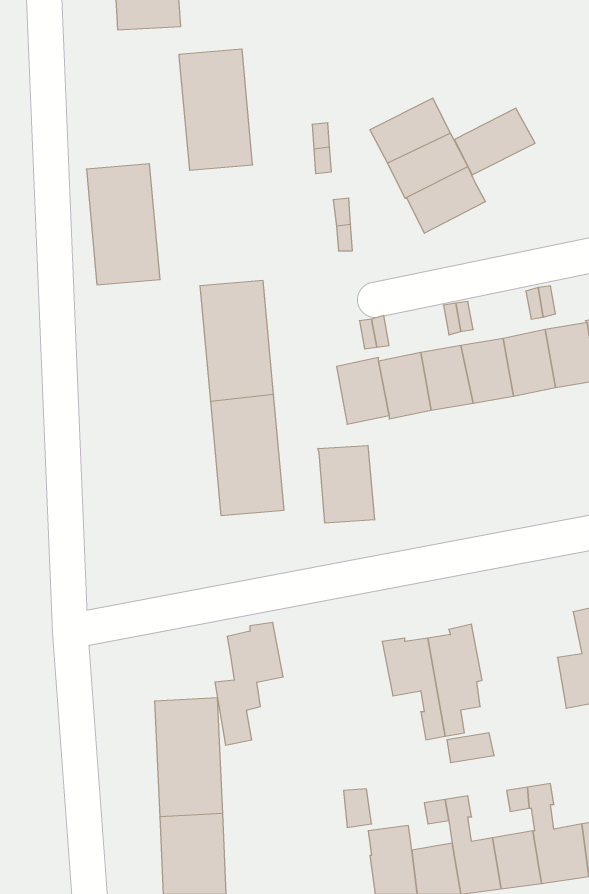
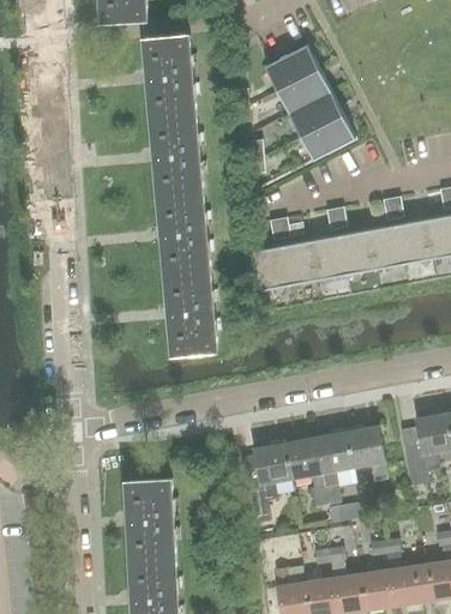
building: [455,108,535,175] -> [263,44,318,90]
building: [86,164,160,285] -> [151,114,202,197]
building: [318,445,375,523] -> none
building: none -> [344,426,385,480]
building: [215,622,283,745] -> [243,440,290,524]

